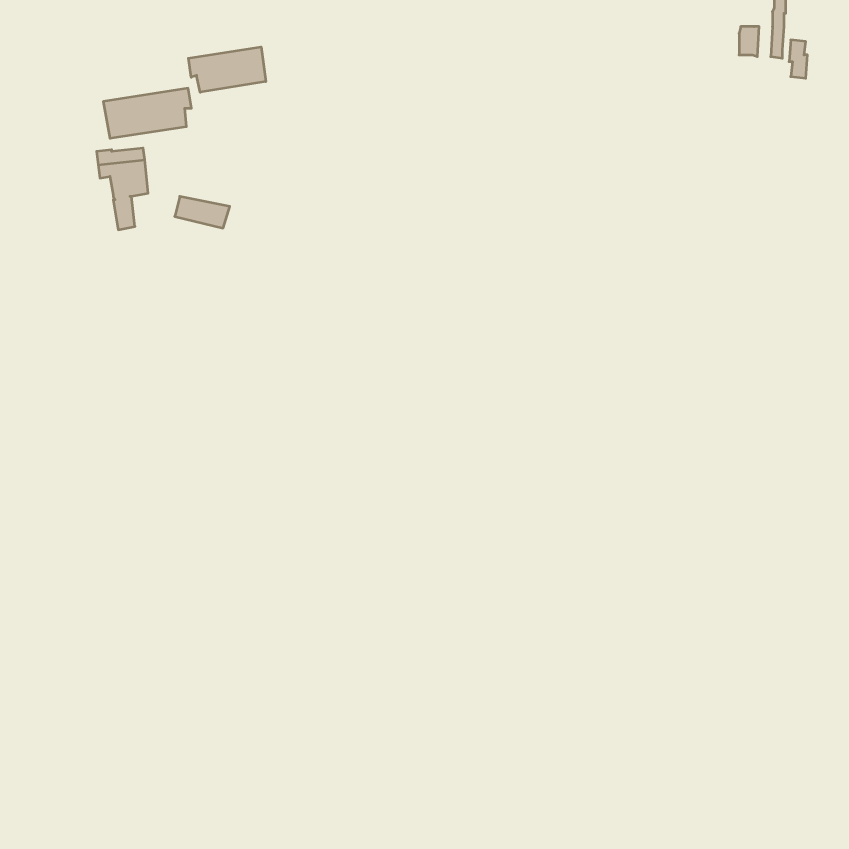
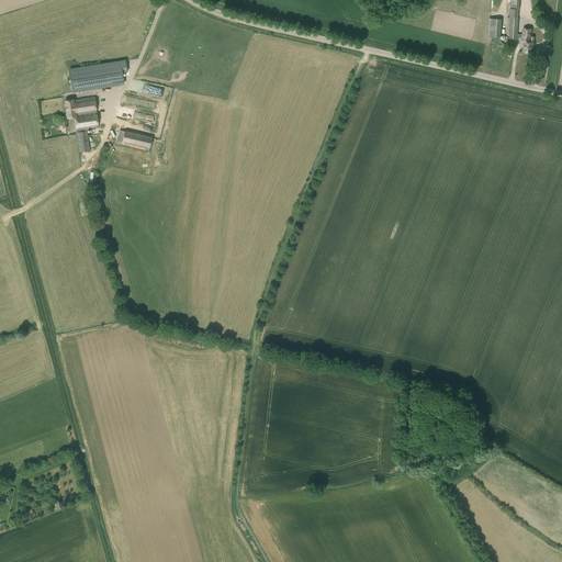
building: [188,47,266,92] -> none

